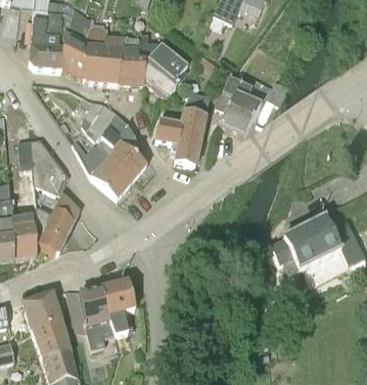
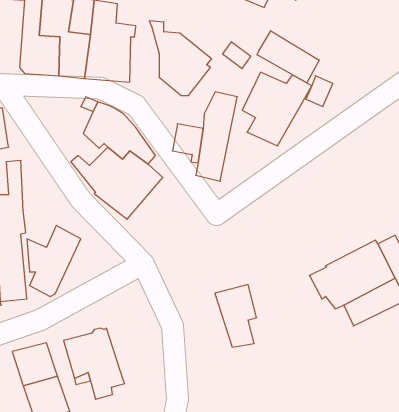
building: [121,35,145,82] -> none
building: none -> [257,31,319,83]
building: [30,145,67,199] -> none
building: [101,279,136,331] -> [215,285,257,347]

